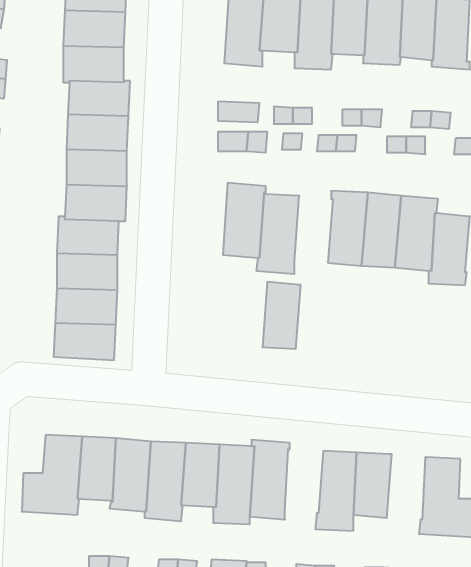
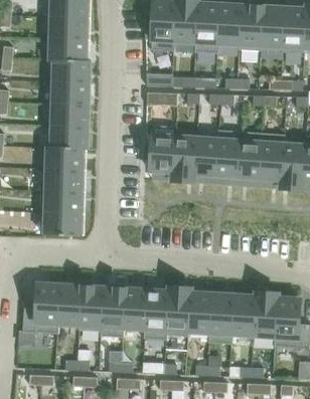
building: [262,282,301,349] -> [194,133,218,175]
building: none -> [253,291,278,337]
building: none -> [188,292,212,333]

